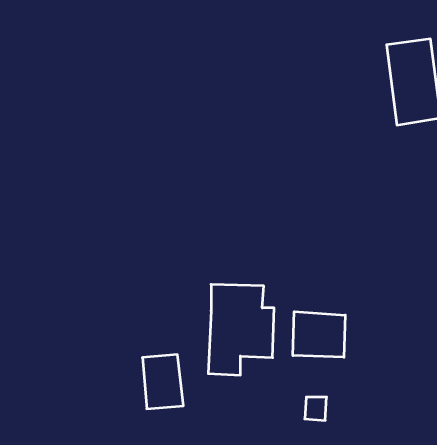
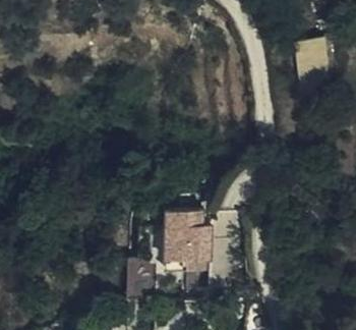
building: [293,312,345,357] -> none

